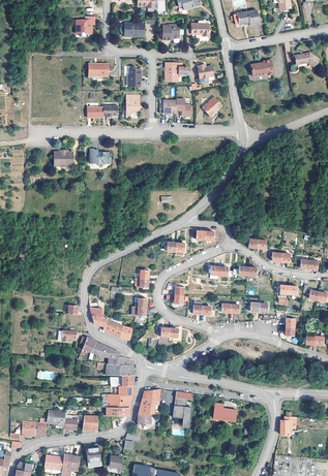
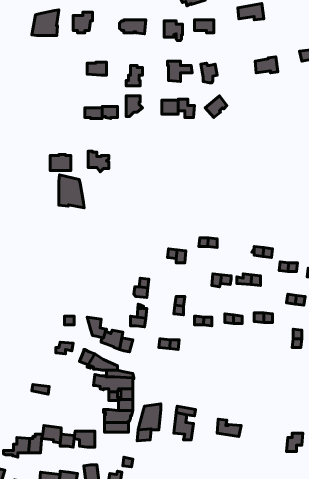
building: none -> [32,10,59,35]
building: none -> [59,175,84,208]

